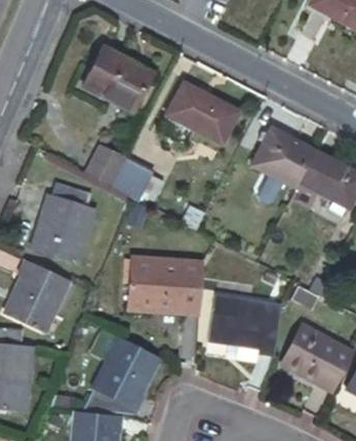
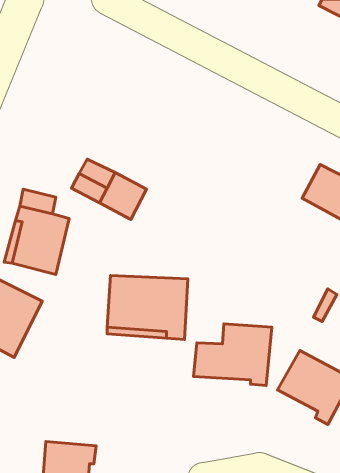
building: [89,49,159,114] -> none
building: [173,86,245,146] -> none
building: [258,131,321,192] -> none
building: [77,336,153,410] -> none

